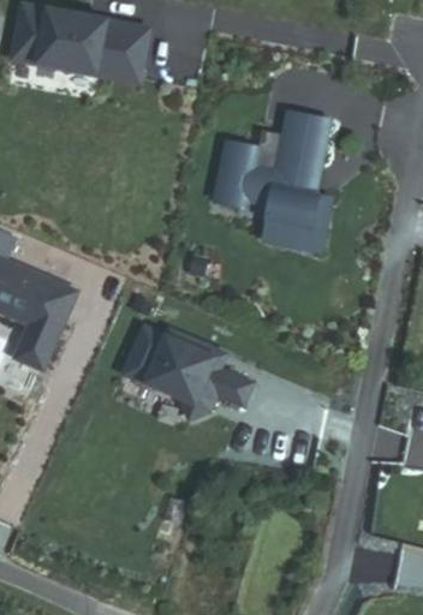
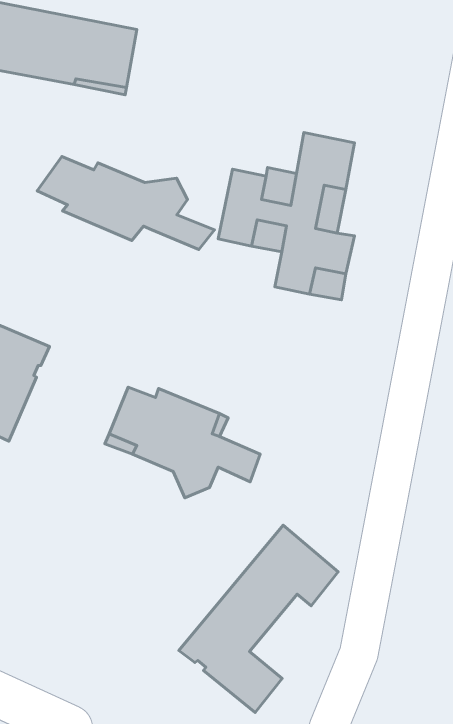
building: none -> [37,157,215,249]
building: none -> [179,525,338,713]

